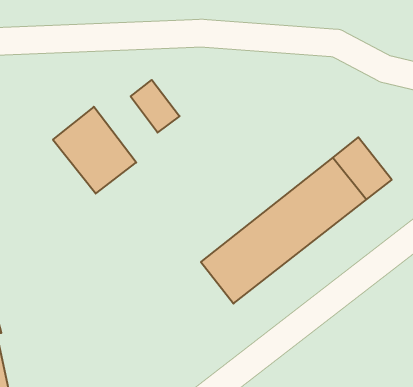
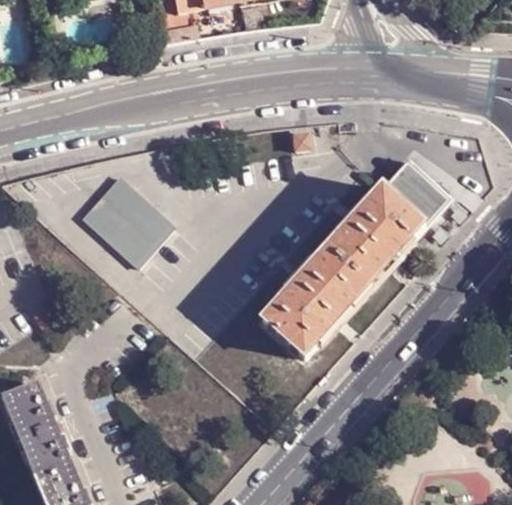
building: [131,80,180,133] -> none

